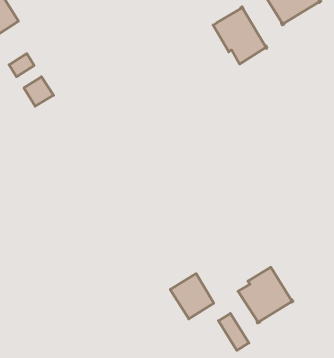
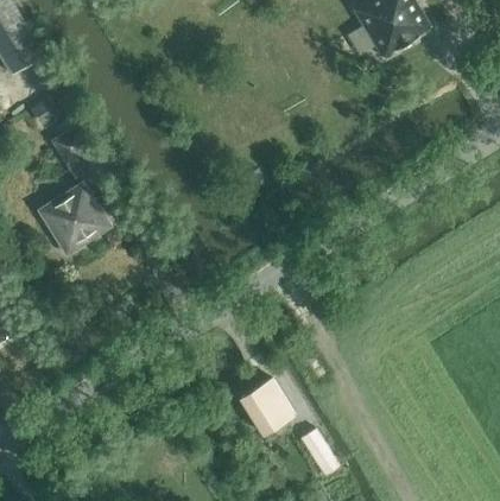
building: [213,7,267,64] -> none
building: none -> [37,180,112,255]
building: [238,267,293,323] -> none

